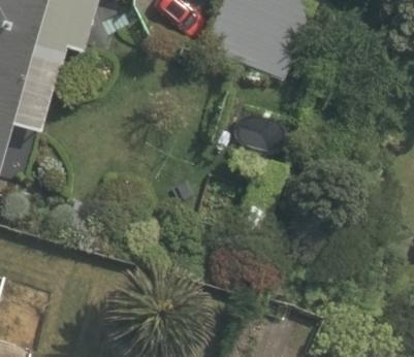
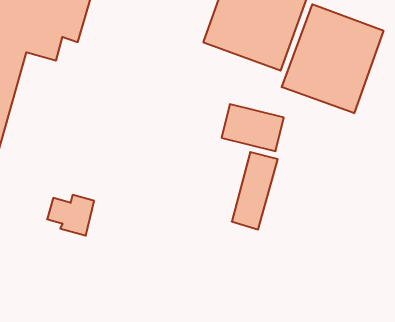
building: none -> [282,4,383,113]

